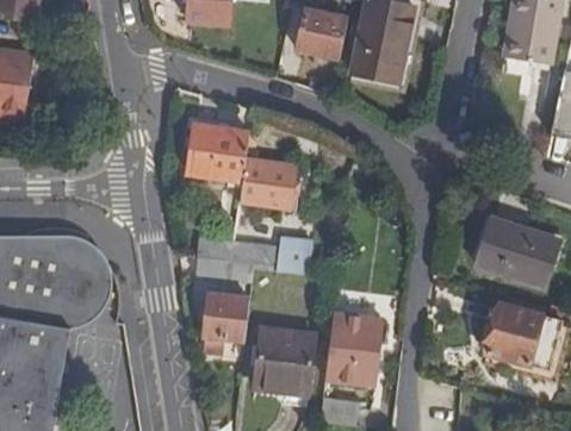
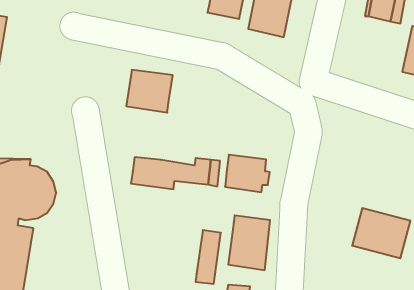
building: [242,160,300,208] -> [225,155,270,192]
building: [474,218,557,286] -> none
building: [49,239,107,330] -> none
building: [204,292,250,351] -> none
building: [254,327,291,389] -> none

